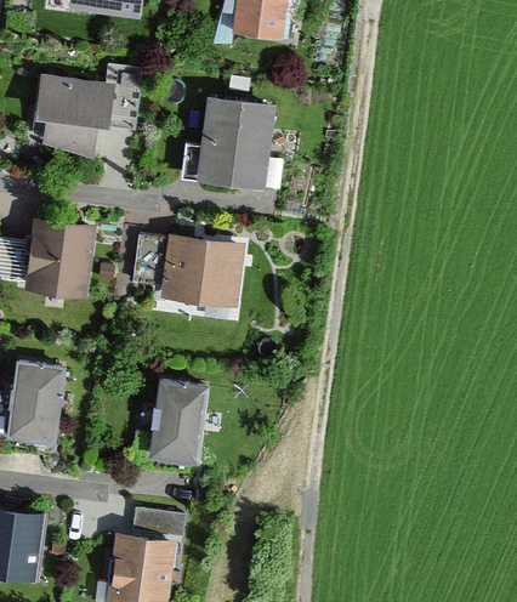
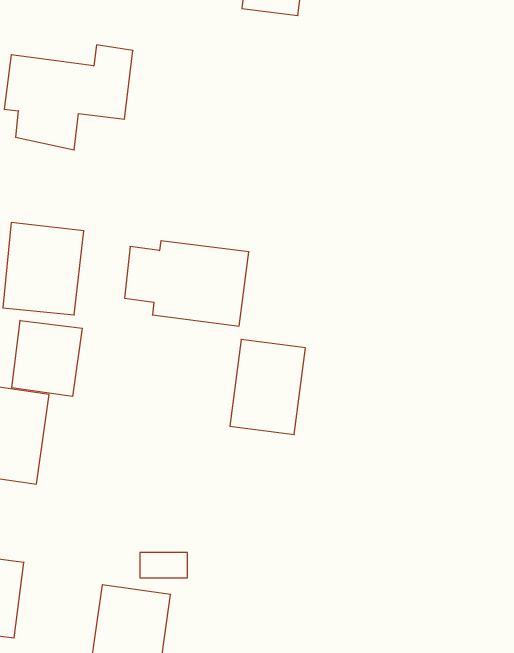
building: [198,100,274,191] -> none
building: none -> [12,320,82,396]
building: [148,384,214,466] -> [230,339,305,435]

